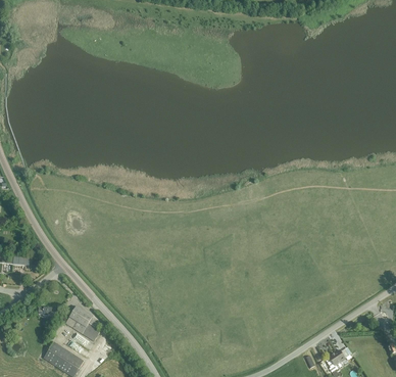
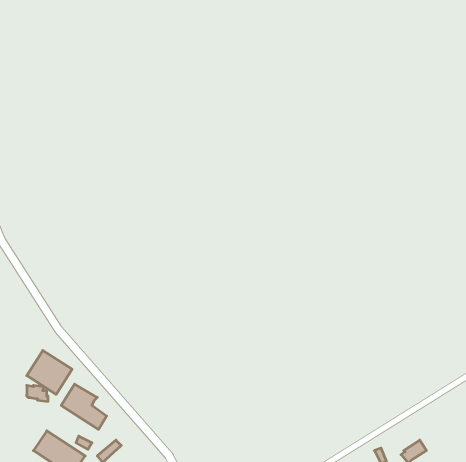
building: none -> [27,350,72,394]

